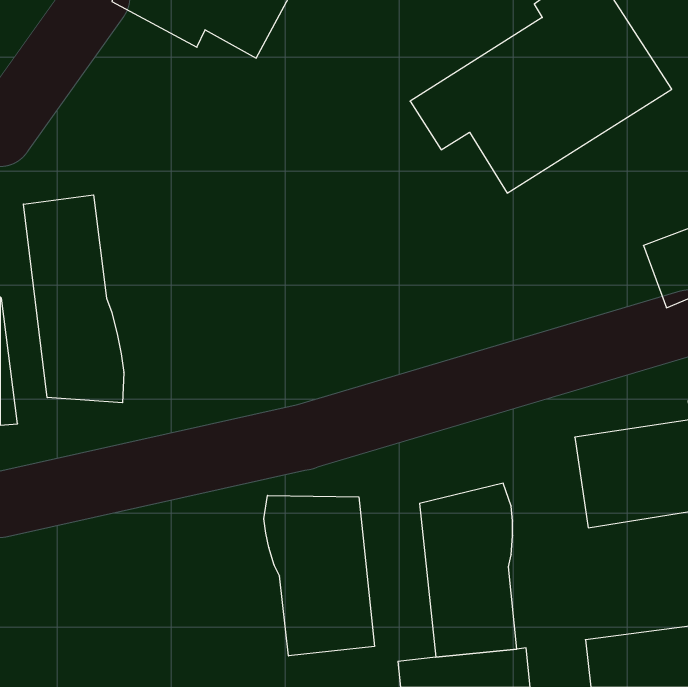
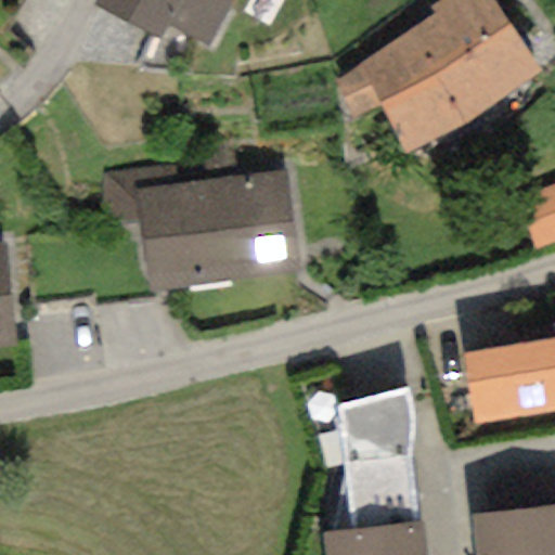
building: [23,195,124,403] -> none
building: none -> [104,162,307,297]
building: [264,495,374,656] -> none

